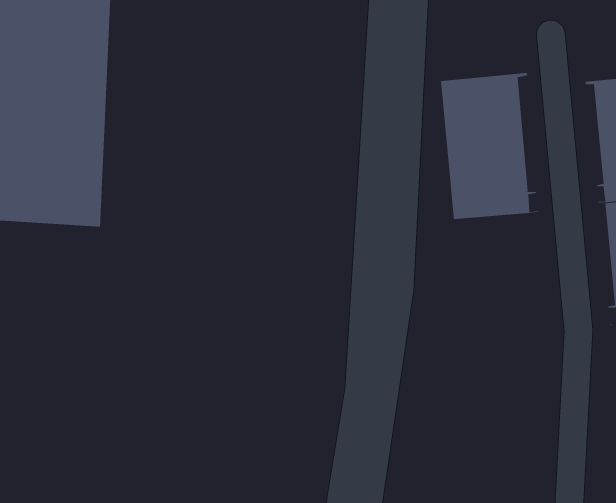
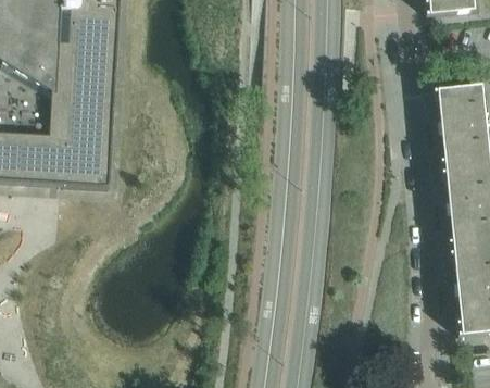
building: [440,72,538,220] -> none

